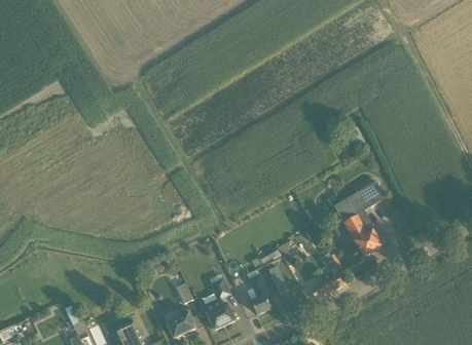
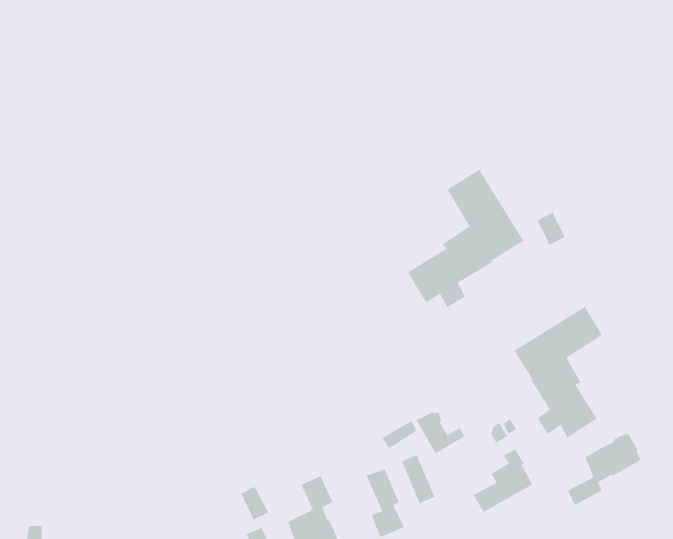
building: none -> [407,169,524,308]
building: none -> [568,433,642,506]

